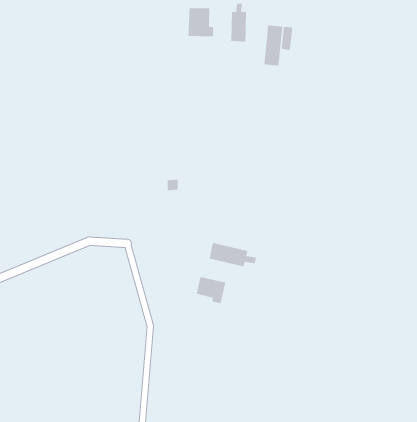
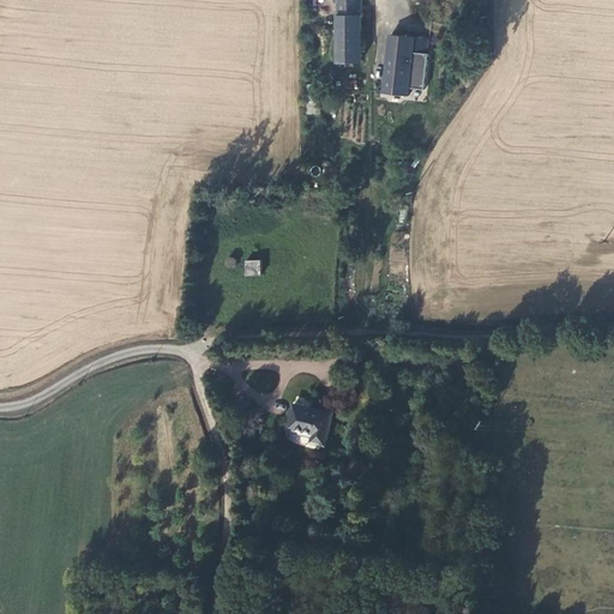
building: [188,7,214,37] -> none
building: [209,242,257,267] -> none

